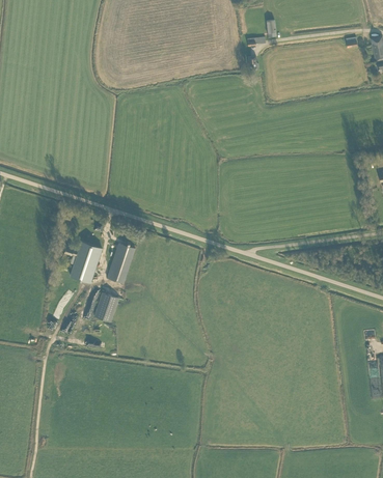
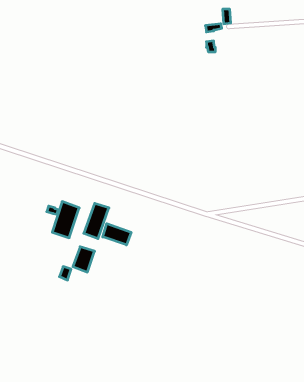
building: none -> [103,224,131,245]

